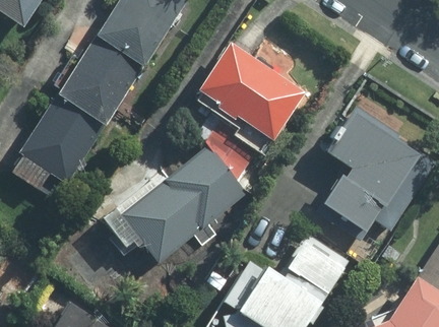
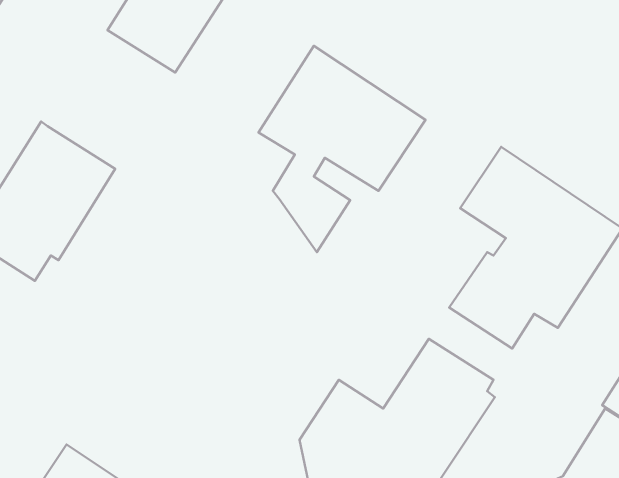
building: [60,34,142,123] -> none
building: [105,142,243,260] -> none

